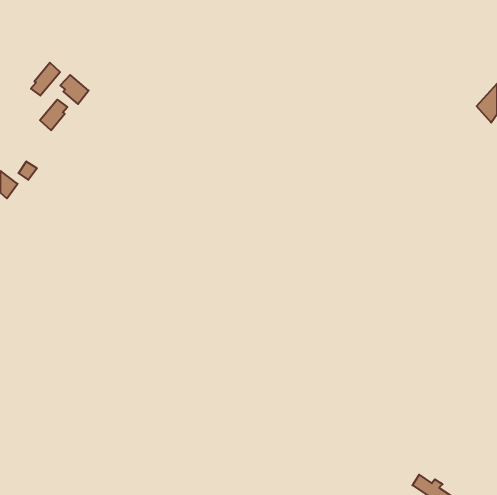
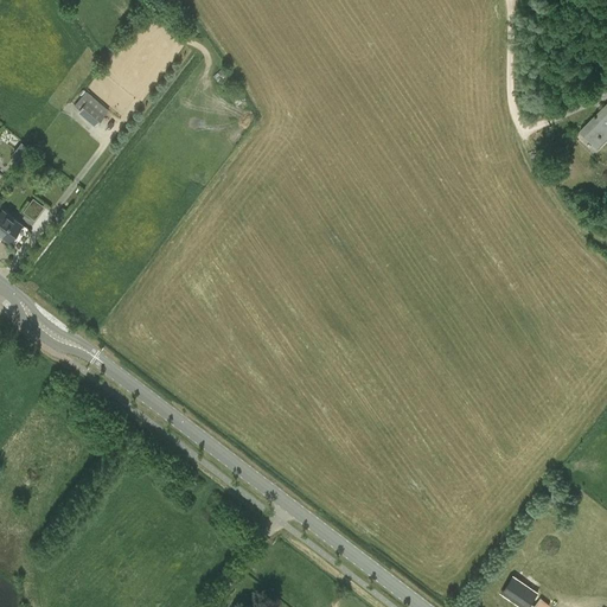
building: [31,63,60,96] -> none
building: [40,100,67,130] -> none

